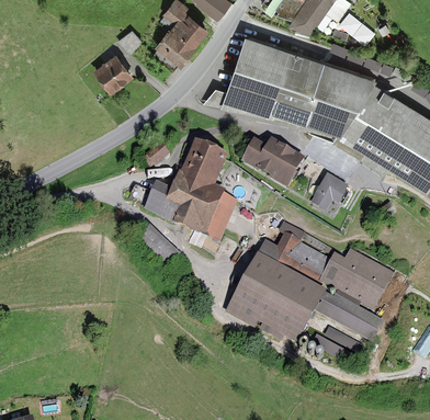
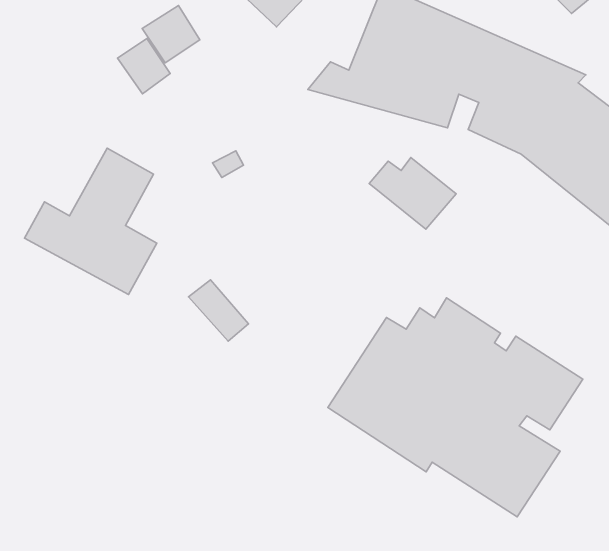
building: none -> [117,38,170,94]
building: [145,146,229,238] -> [25,148,157,294]
building: [314,172,350,208] -> none

